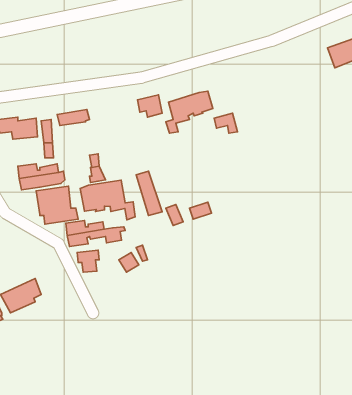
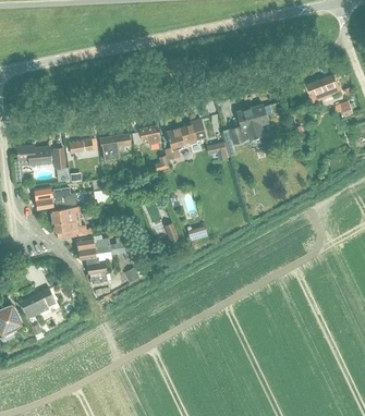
building: none -> [230,96,282,143]
building: none -> [99,133,131,159]
building: [80,180,135,220] -> none

